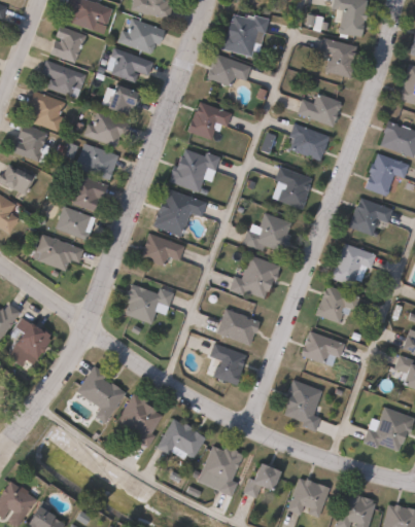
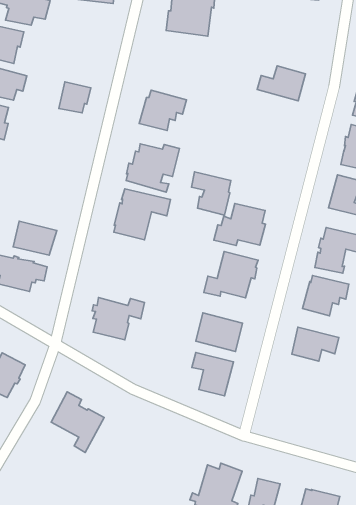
building: [122,17,170,54] -> none
building: [319,37,356,76] -> none
building: [103,47,158,83] -> none
building: [206,52,250,87] -> none
building: [87,111,135,147] -> none
building: [288,122,327,160] -> none
building: [78,145,123,180] -> none
building: [274,166,310,208] -> [192,172,231,215]
building: [71,174,111,211] -> none
building: [138,233,183,267] -> none
building: [283,380,321,431] -> none
building: [116,393,161,448] -> none
building: [155,418,204,459] -> none

